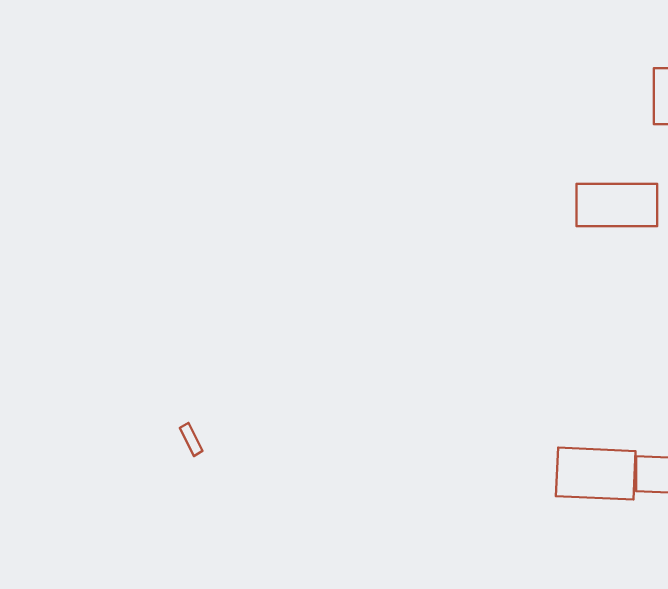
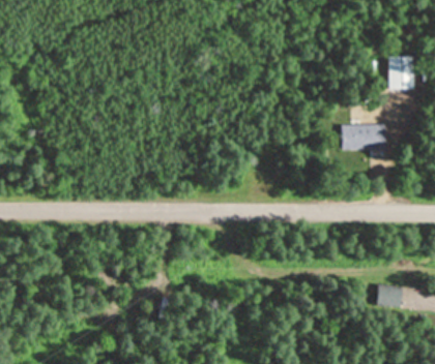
building: [556,448,636,499] -> none

